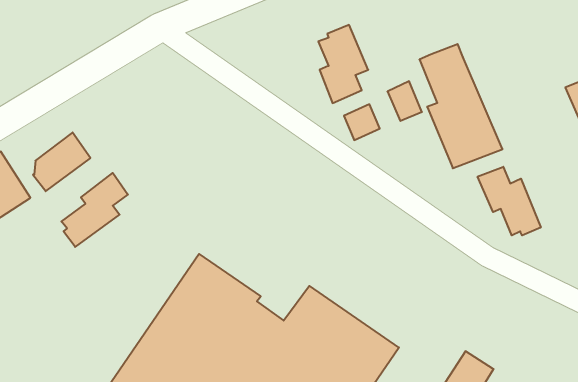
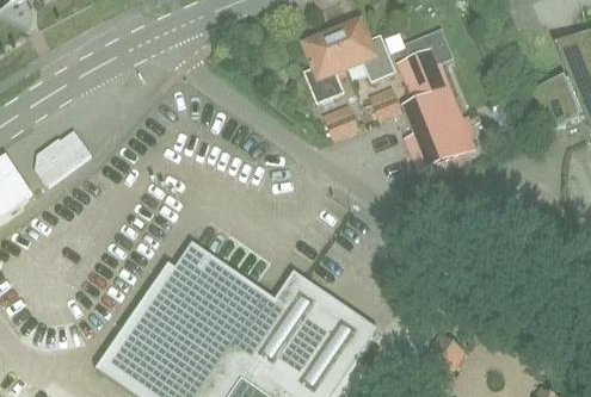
building: none -> [330,20,393,80]
building: [478,167,541,235] -> none
building: [61,173,128,247] -> none

